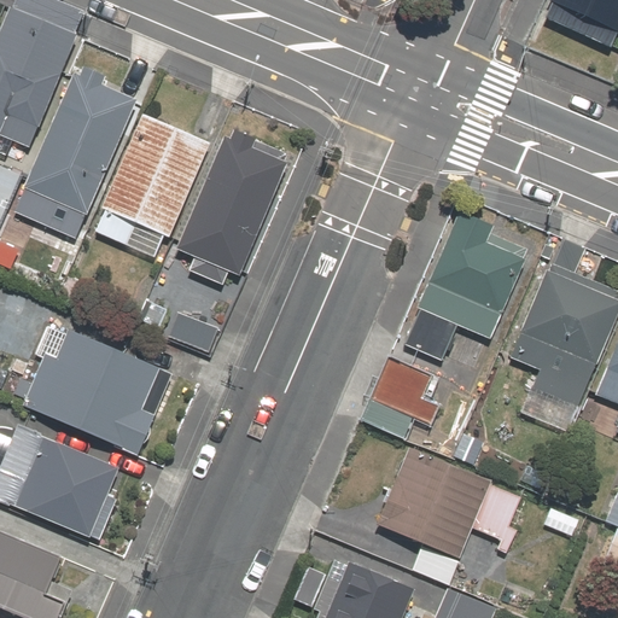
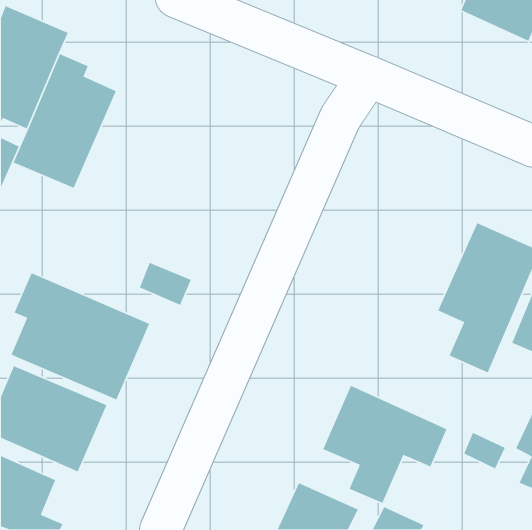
building: [88,109,210,262] -> none
building: [174,127,296,292] -> none
building: [396,214,531,366] -> none
building: [362,355,441,439] -> none

